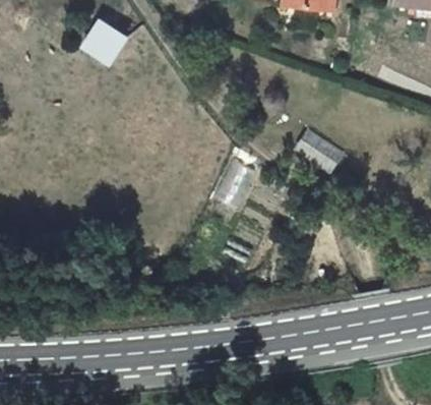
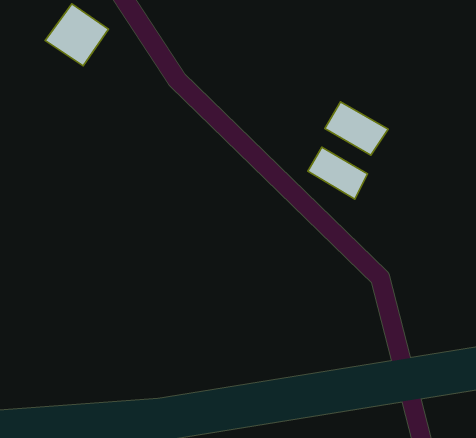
building: none -> [325,102,388,155]

